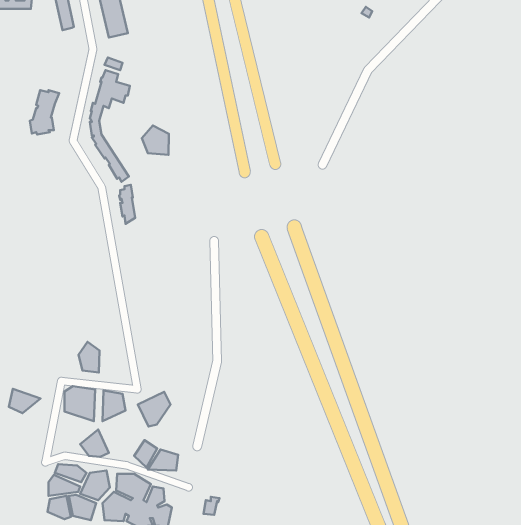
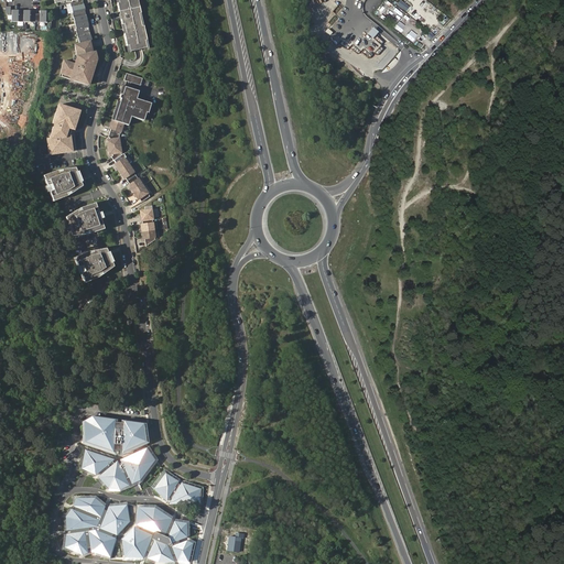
building: none -> [62,41,97,85]
building: [142,126,169,155] -> none
building: none -> [41,166,79,199]
building: none -> [65,202,102,234]
building: none -> [74,246,112,279]
building: [78,342,100,373] -> none
building: [9,389,40,413] -> [82,448,115,474]
building: [138,392,170,427] -> [120,446,154,482]

